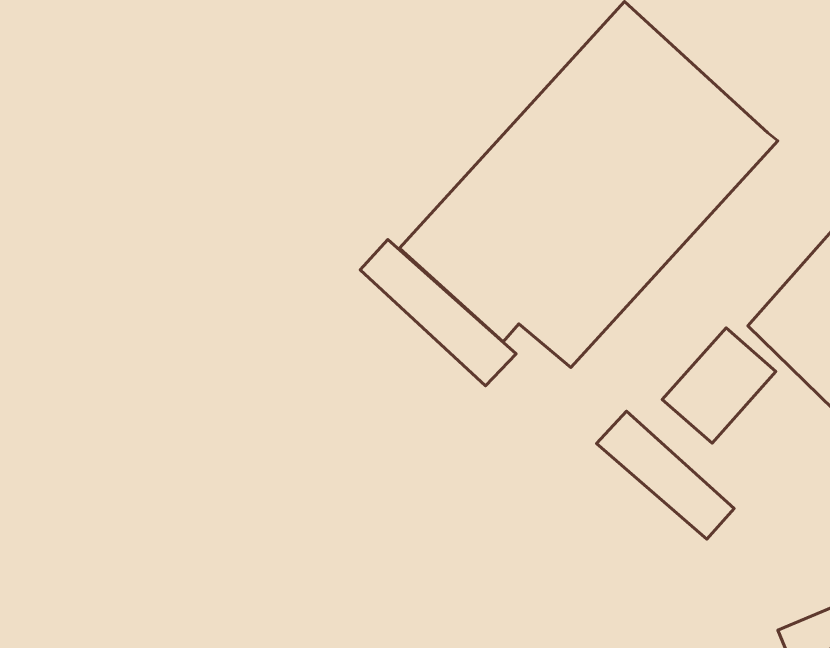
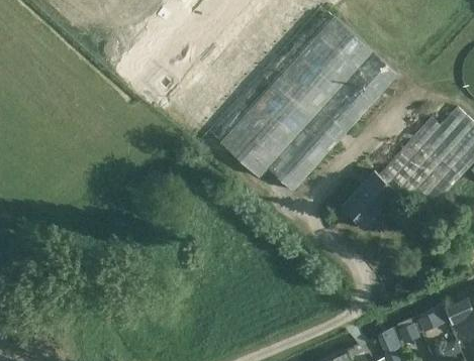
building: [360,239,516,386] -> none
building: [597,411,734,539] -> none

